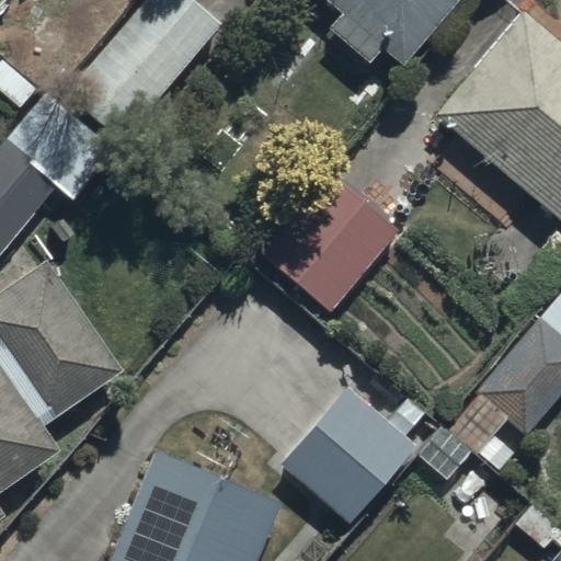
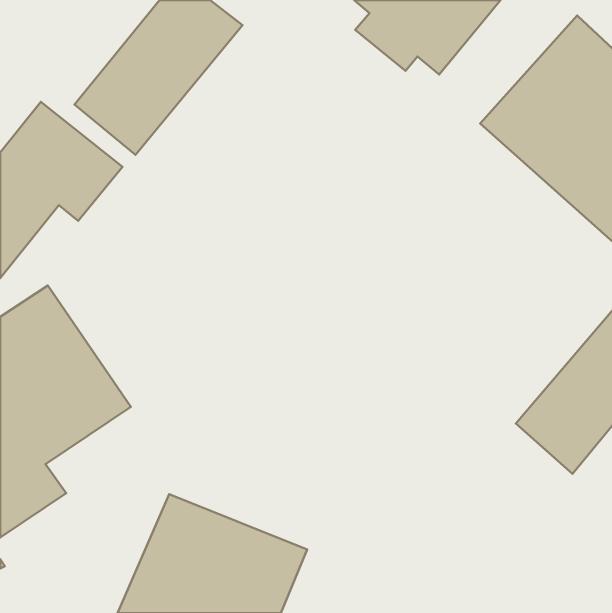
building: [256,171,399,313] -> none
building: [280,387,416,524] -> none

